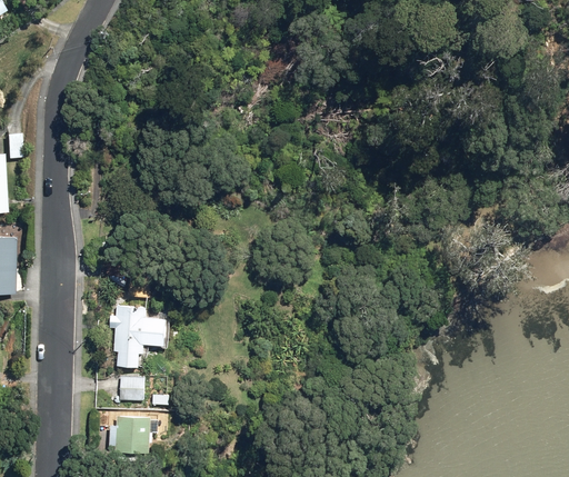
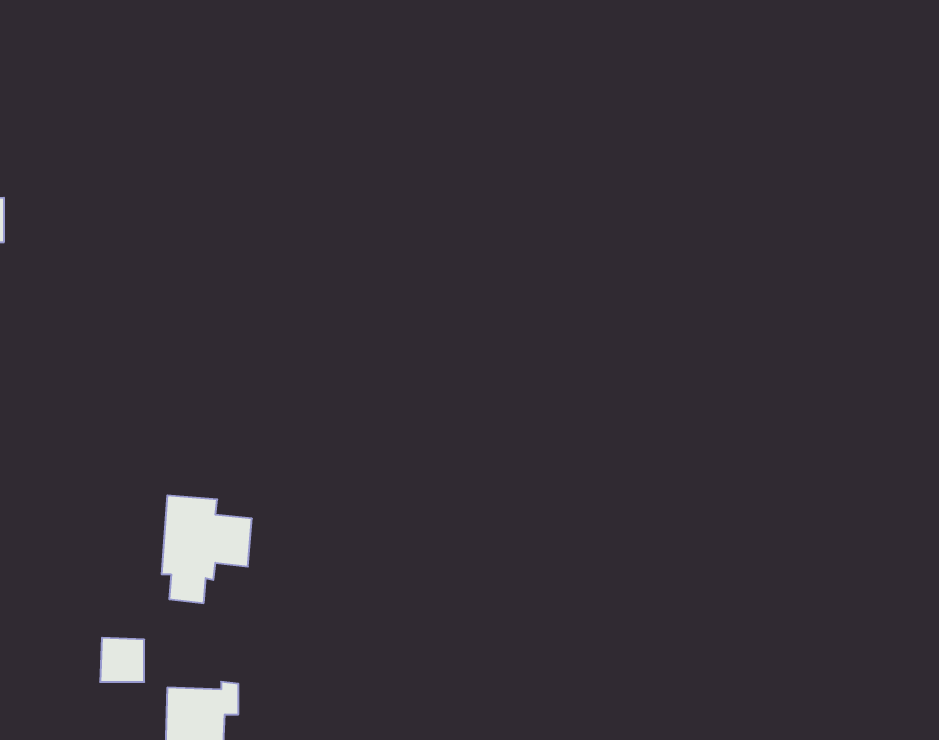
building: [120,375,146,400] -> [100,638,144,682]

